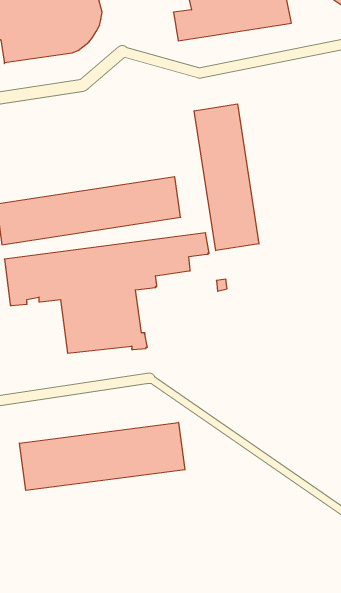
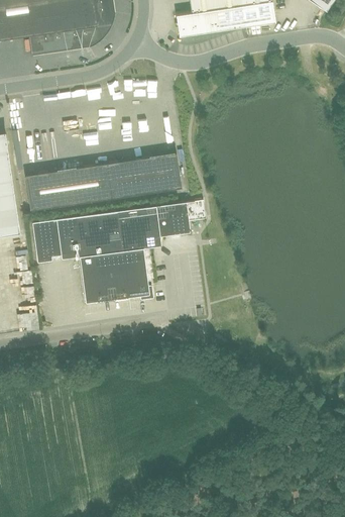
building: [194,104,259,251] -> none
building: [19,422,185,490] -> none

